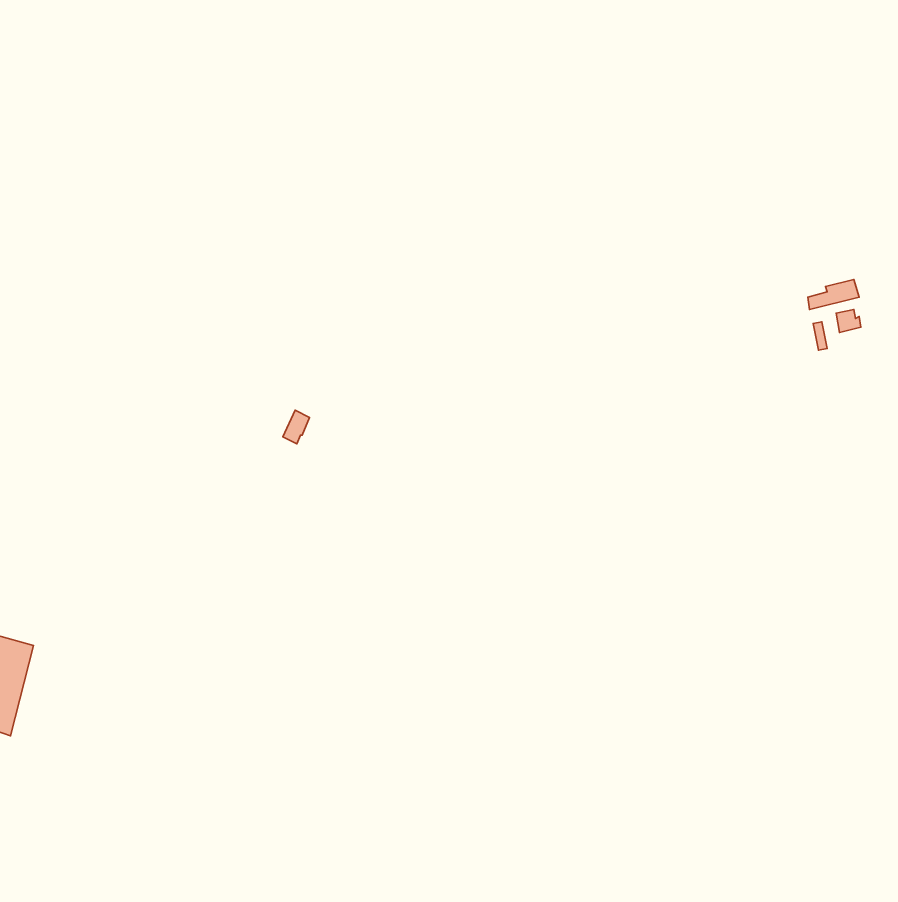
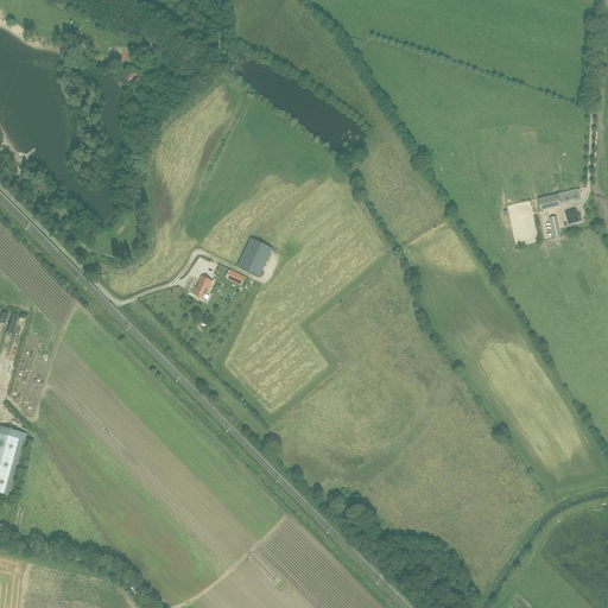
building: none -> [238,238,271,276]

